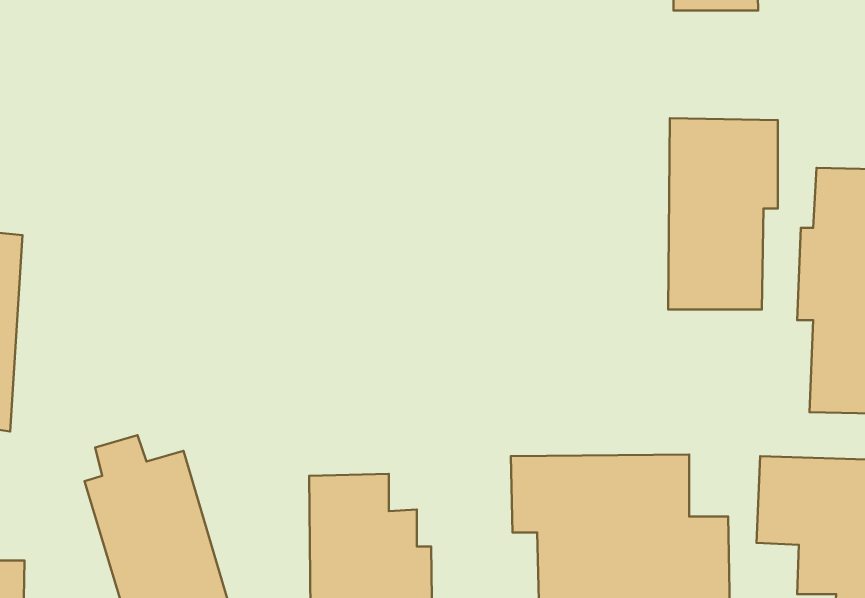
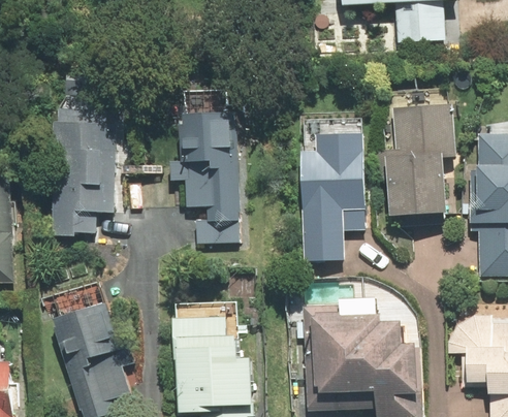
building: none -> [169,113,236,243]
building: none -> [46,119,115,235]
building: none -> [300,134,364,260]

